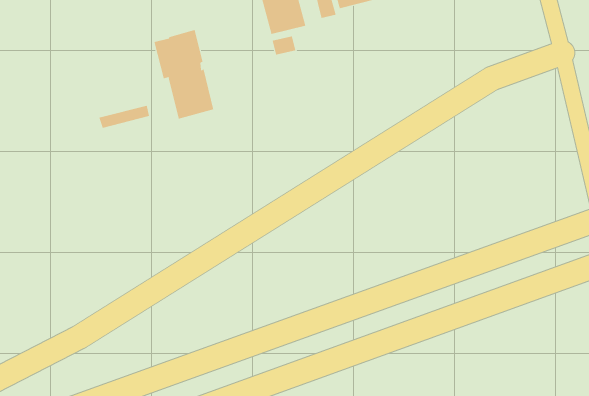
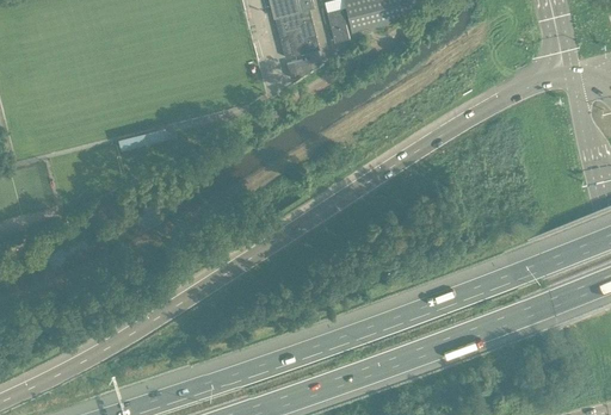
building: [154,29,214,119] -> none

